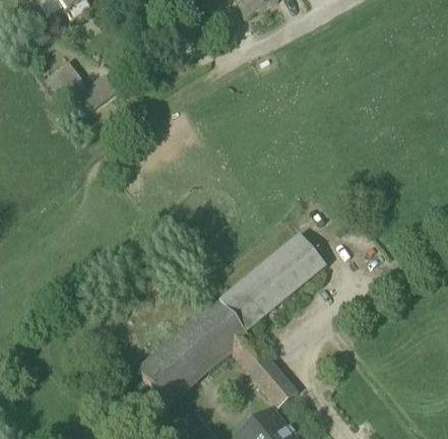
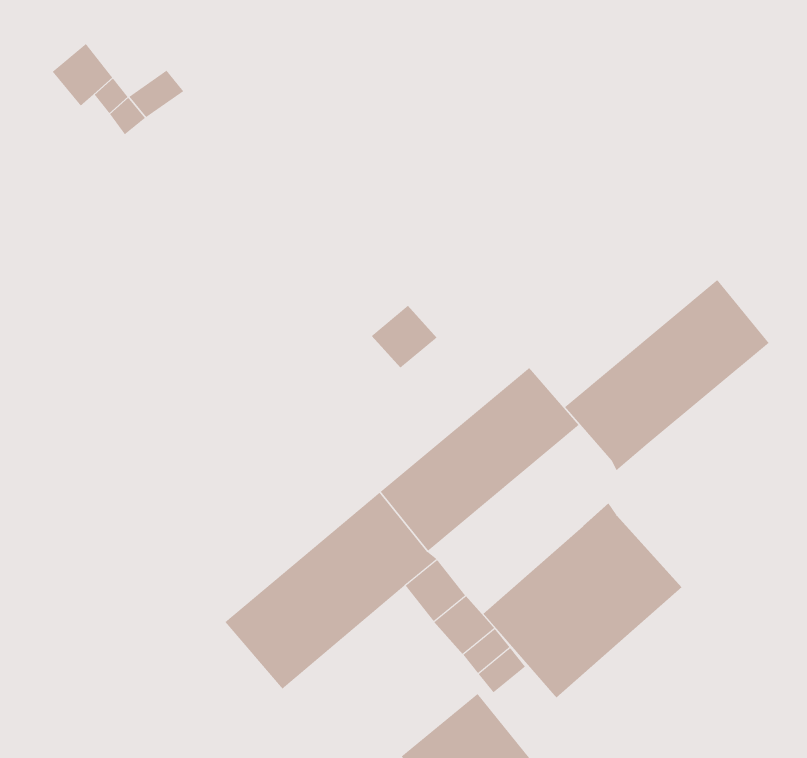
building: none -> [564,279,770,471]
building: none -> [371,305,437,369]
building: none -> [482,502,683,699]

